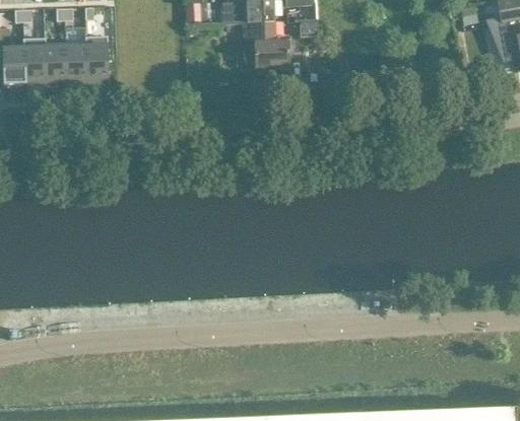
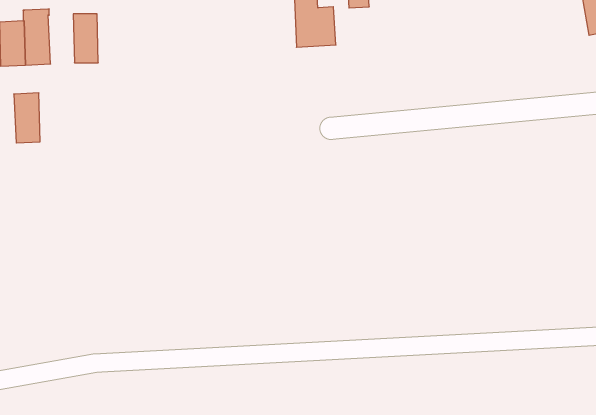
building: [84,34,109,82] -> none
building: [44,41,66,83] -> [14,93,40,143]

